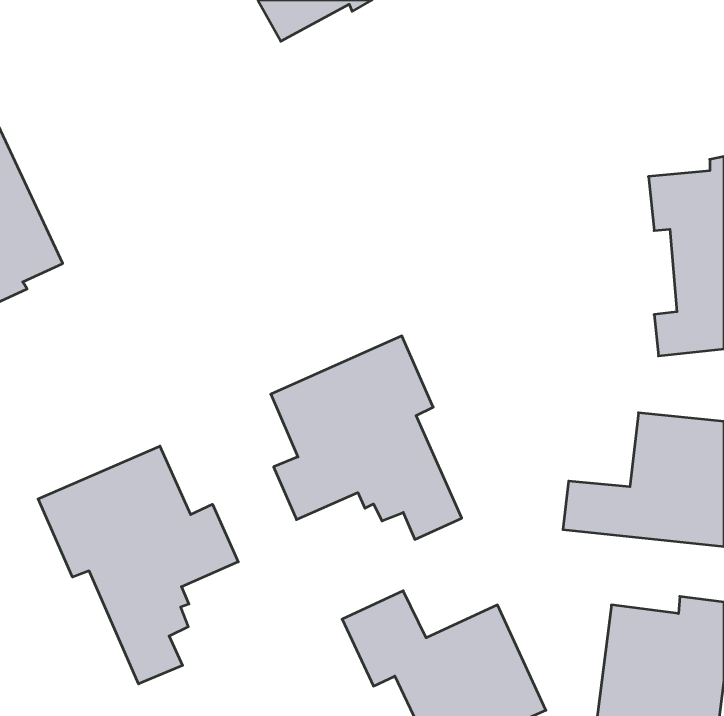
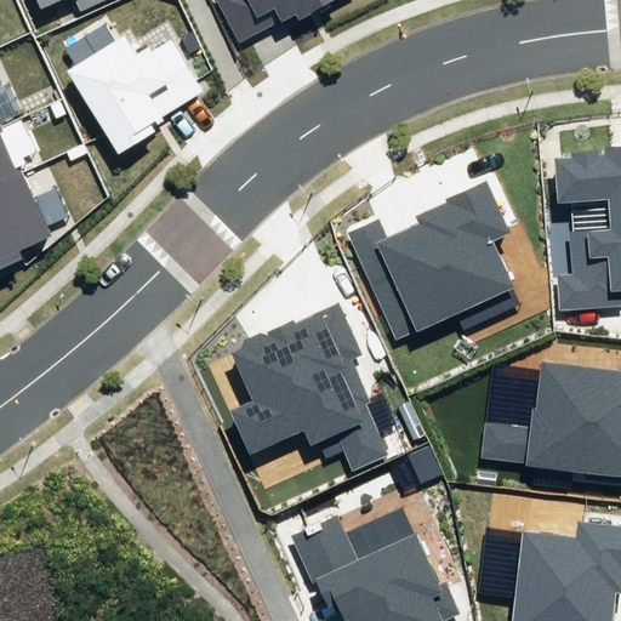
building: none -> [70,38,203,154]
building: none -> [349,181,517,341]
building: [38,446,238,684] -> none

